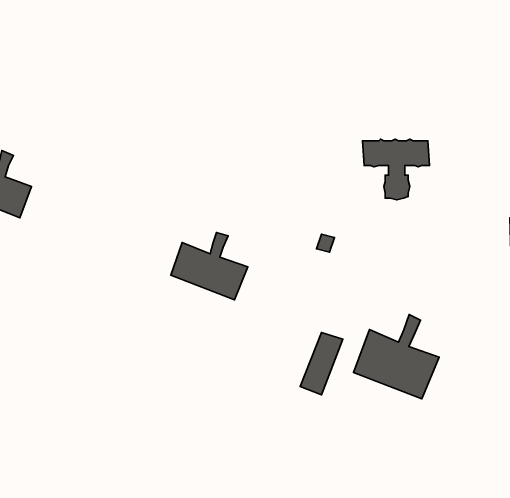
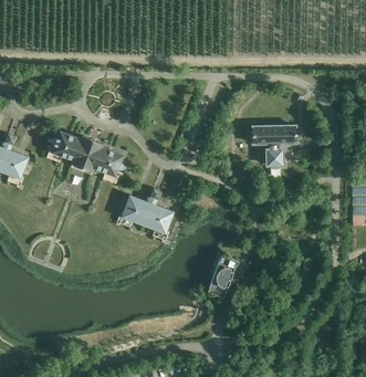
building: none -> [51,132,123,177]
building: [354,314,439,399] -> none

